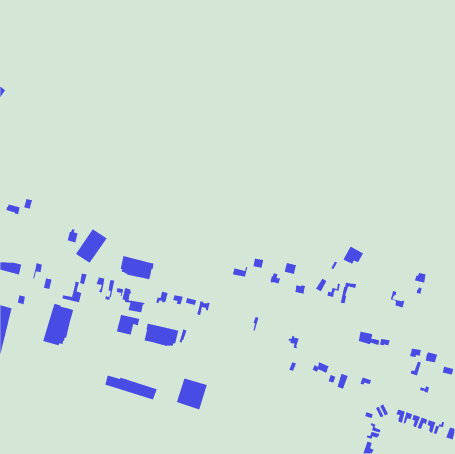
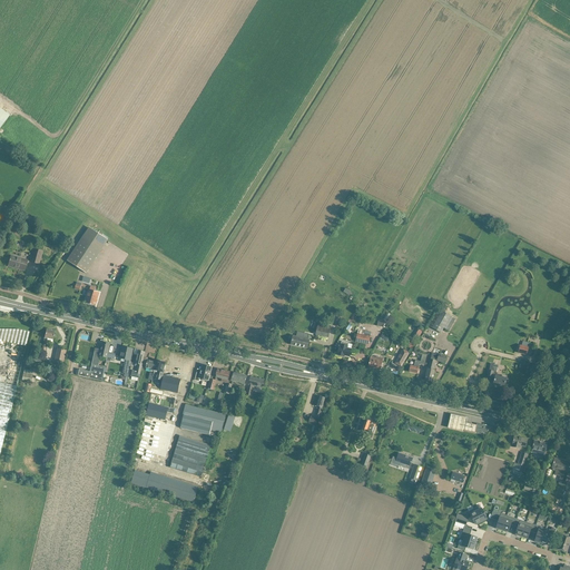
building: [75,228,108,264] -> [66,226,107,271]
building: [120,255,155,280] -> none
building: [42,303,74,346] -> none
building: [176,377,208,410] -> [169,434,209,475]

